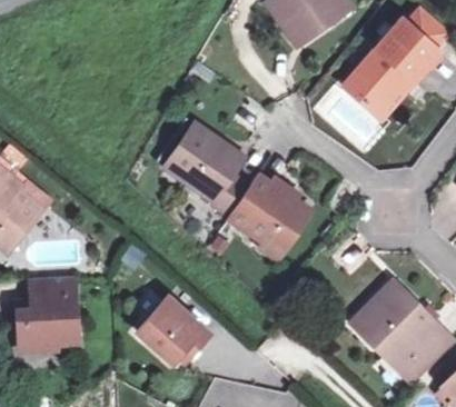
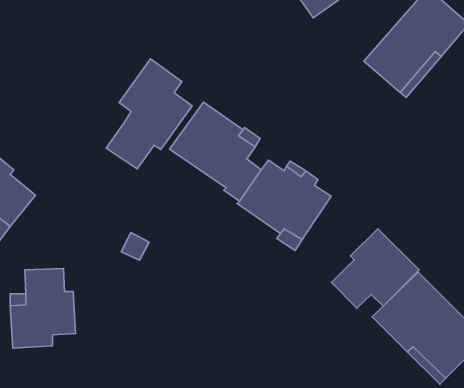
building: none -> [106,59,192,169]
building: none -> [331,229,419,308]
building: [136,297,209,363] -> none

